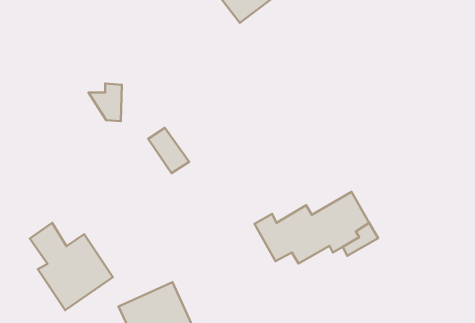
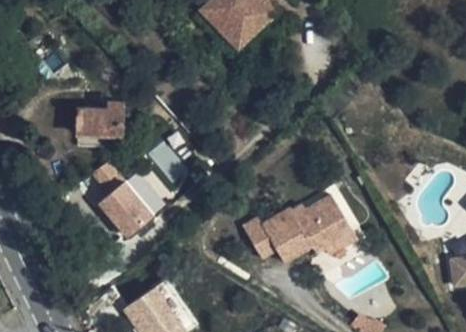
building: none -> [77,106,110,141]
building: [30,223,113,310] -> [89,158,164,237]

